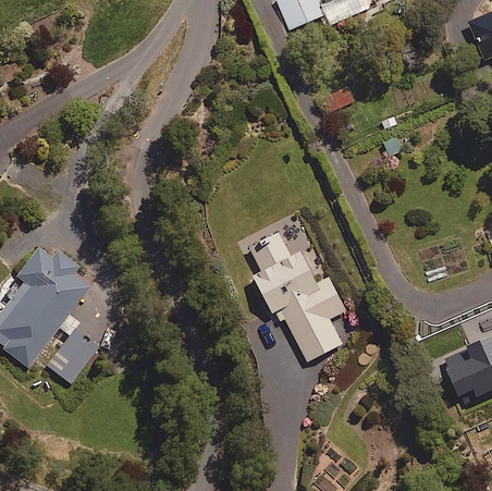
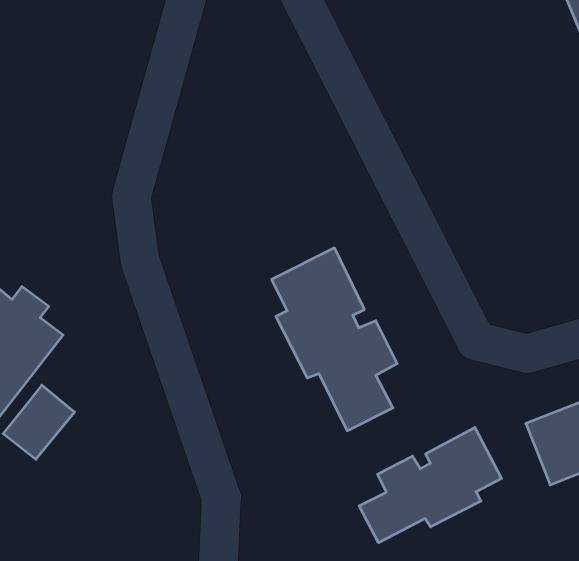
building: none -> [359,427,502,543]

